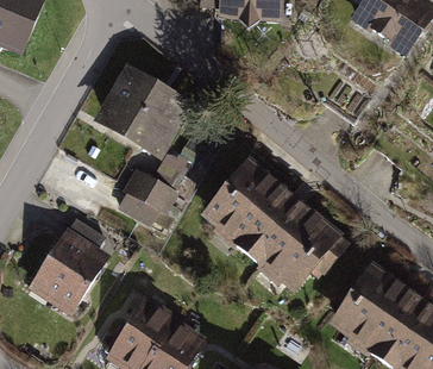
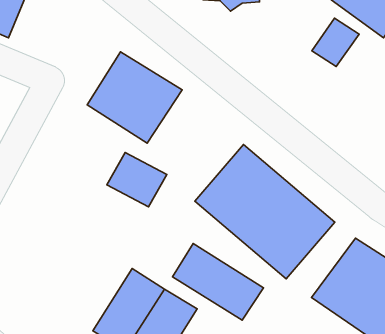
building: none -> [312,18,359,67]
building: [29,211,113,315] -> none
building: none -> [173,244,263,320]

